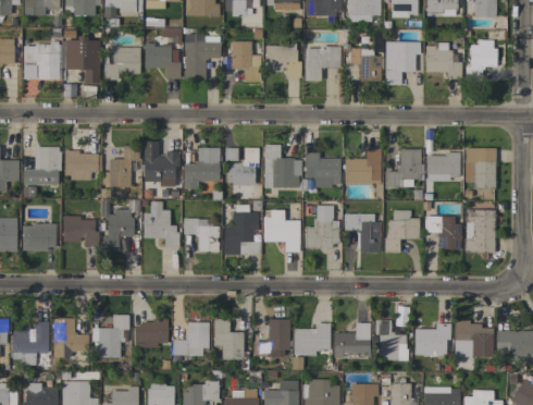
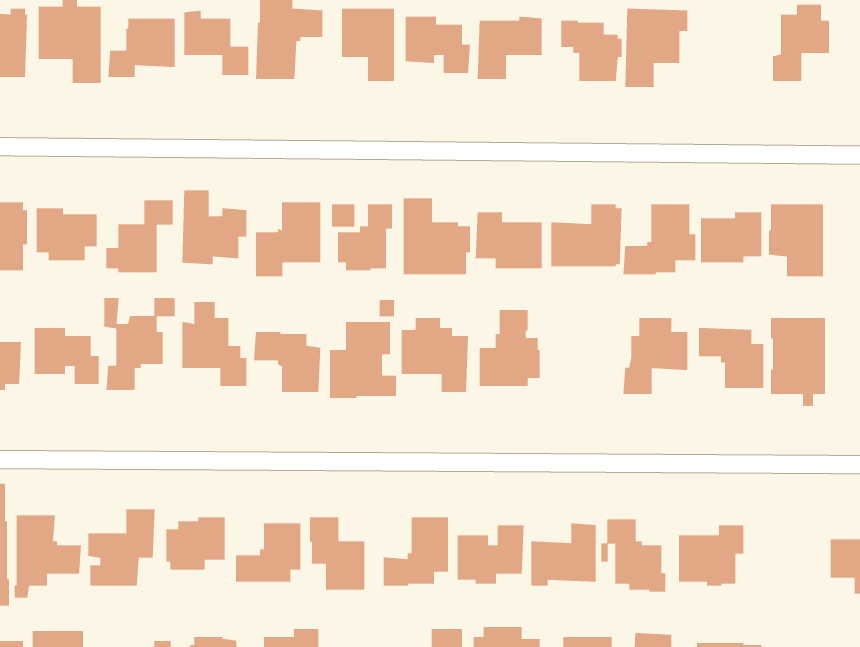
building: [425,42,462,78] -> none
building: [344,213,381,253] -> none
building: [455,320,493,357] -> none

